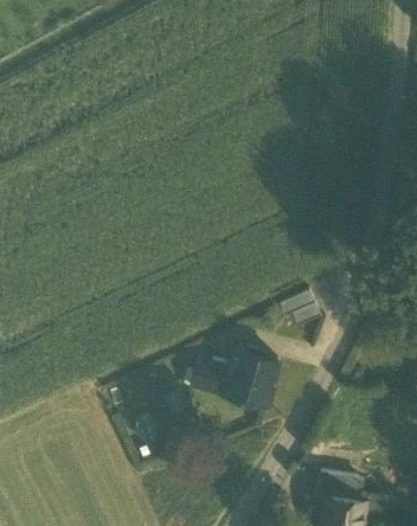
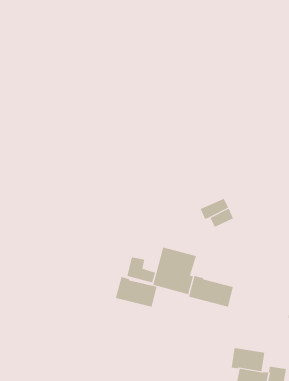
building: none -> [188,275,234,307]
building: none -> [115,276,157,307]

